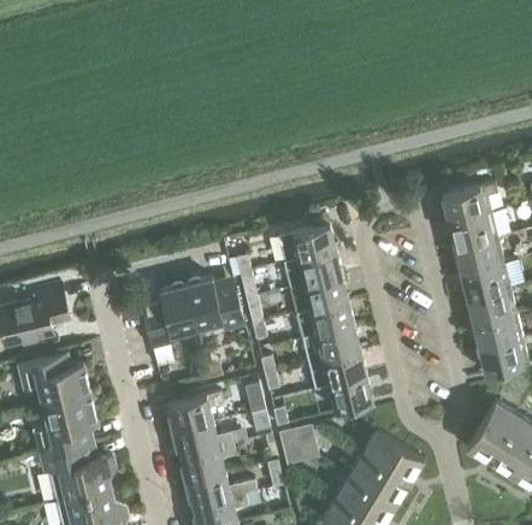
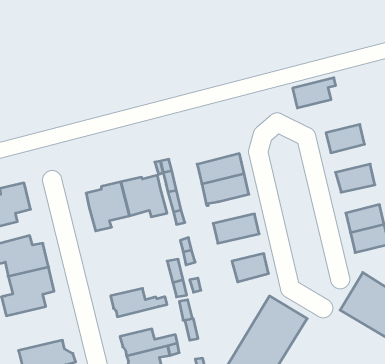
building: [442,183,497,222] -> [293,78,336,108]
building: [278,223,337,261] -> none
building: [454,236,504,272] -> none
building: [467,288,516,324] -> none
building: [296,300,356,337] -> none
building: [309,350,368,388] -> none
building: [167,391,223,430] -> none
building: [279,425,319,464] -> none
building: [39,443,114,500] -> none
building: [181,443,236,482] -> none

